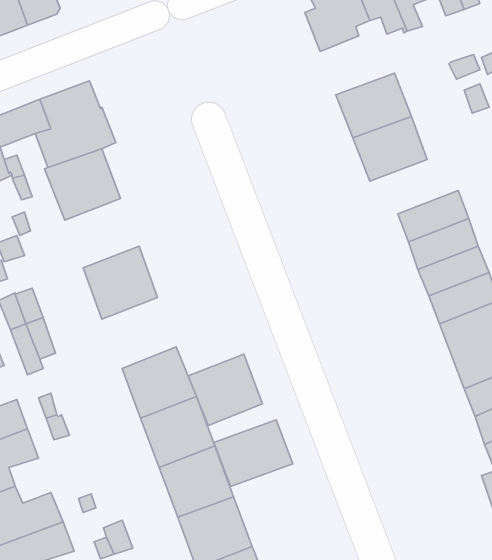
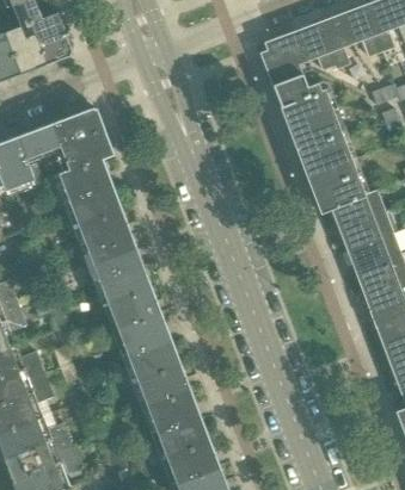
building: none -> [271,72,329,117]
building: none -> [309,167,378,213]
building: none -> [74,197,131,250]
building: [188,354,262,425] -> [103,273,160,328]
building: [214,420,293,487] -> none

